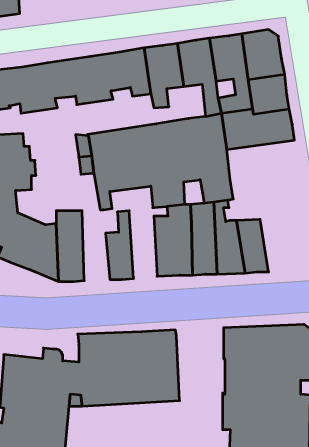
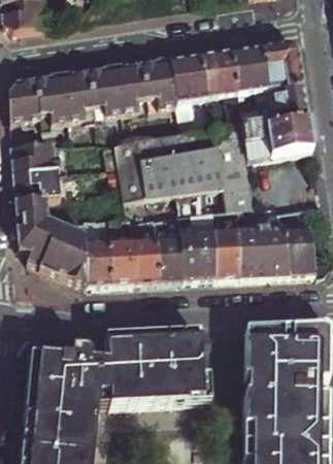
building: none -> [279,206,315,274]
building: none -> [156,212,182,280]
building: none -> [110,214,137,283]

